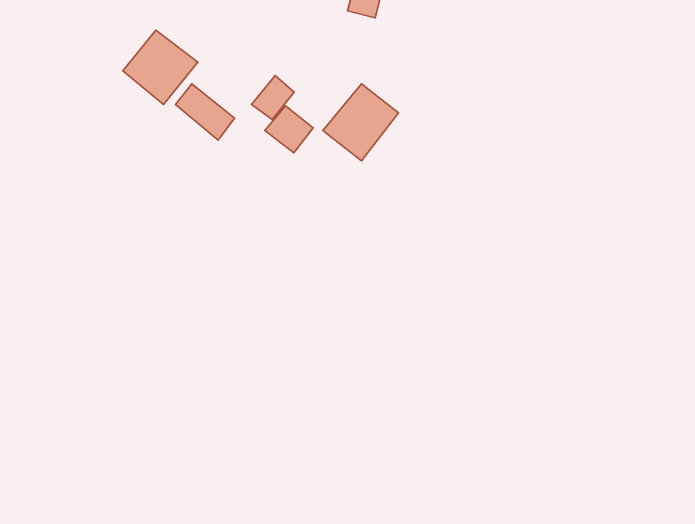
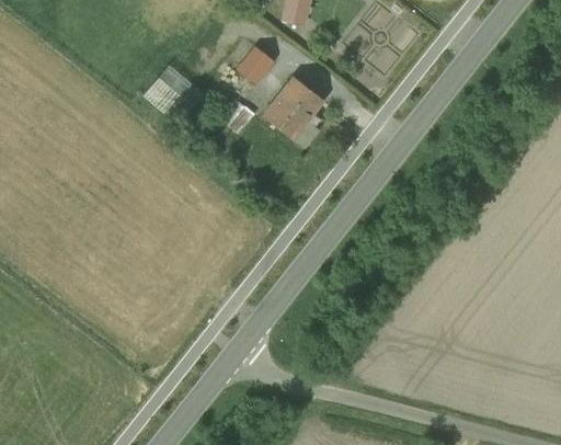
building: [123,30,198,105] -> none
building: [252,76,294,120] -> [239,47,273,82]

